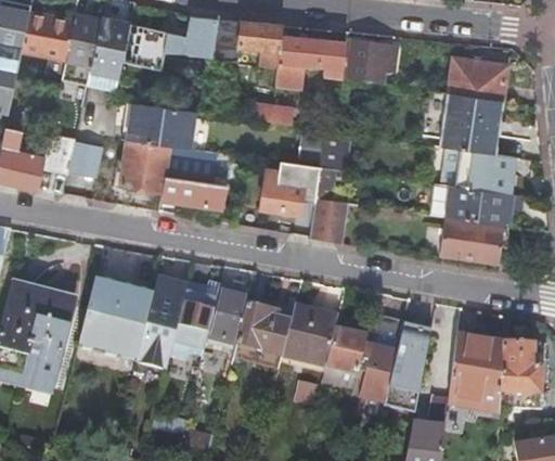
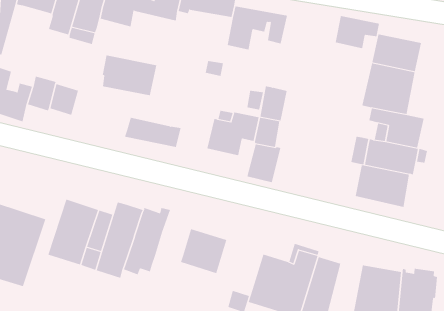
building: [348,41,400,79] -> [335,16,380,49]
building: [121,141,217,192] -> none
building: [207,284,248,345] -> none
building: [281,306,337,367] -> none

